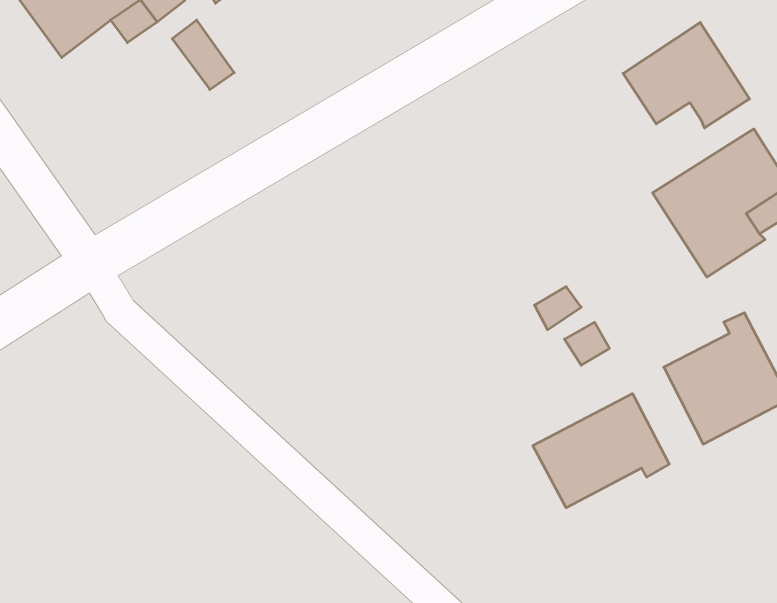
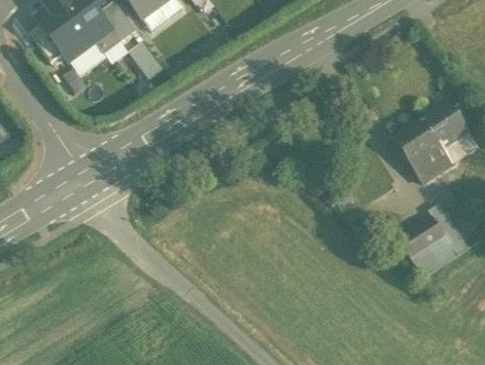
building: [623,22,750,128] -> none
building: [533,394,669,508] -> none

